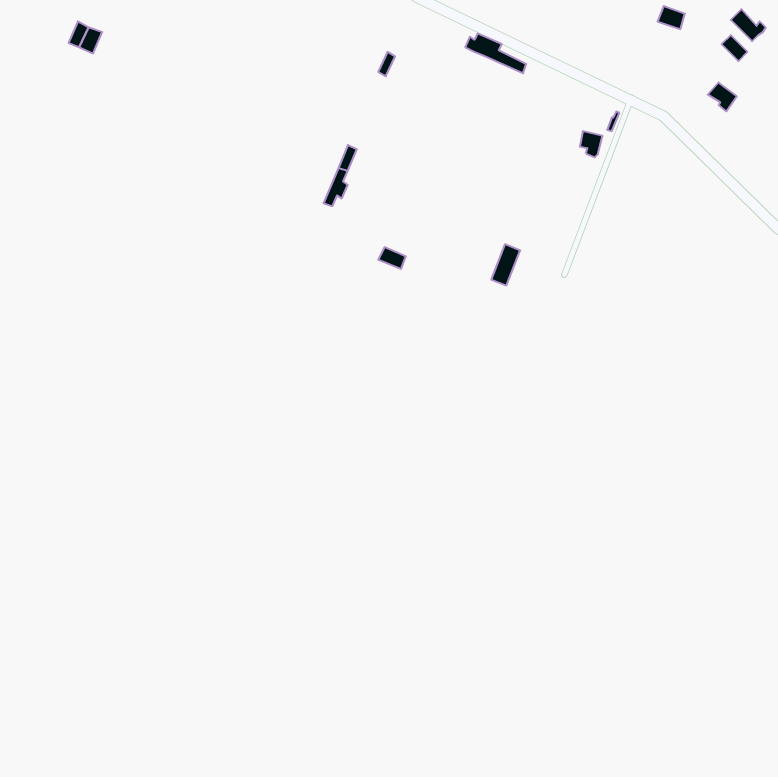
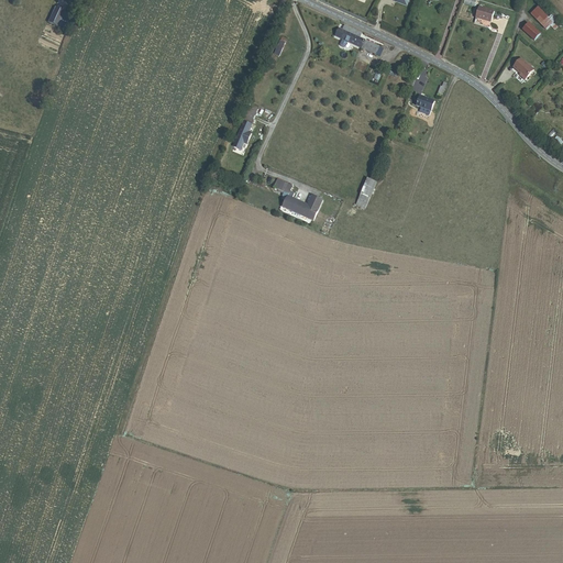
building: none -> [284,196,322,219]

